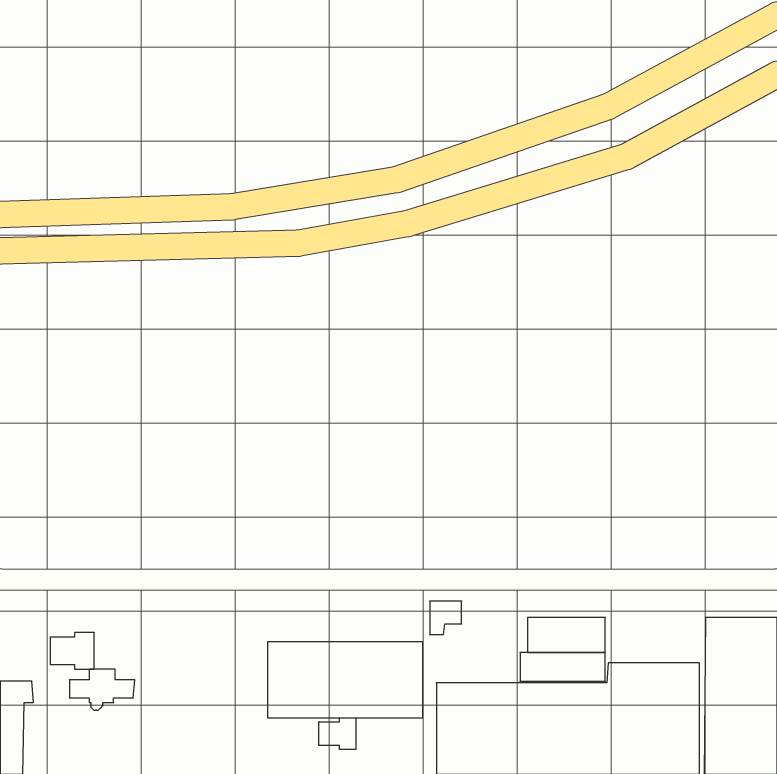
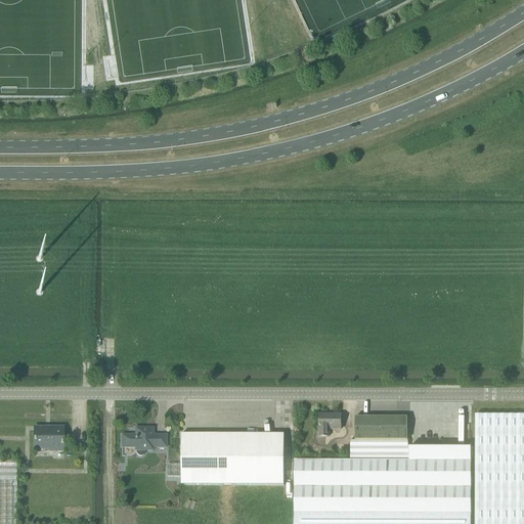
building: [430,601,462,635] -> [319,412,341,435]
building: [69,669,135,710] -> [123,427,167,454]
building: [319,718,356,749] -> none

